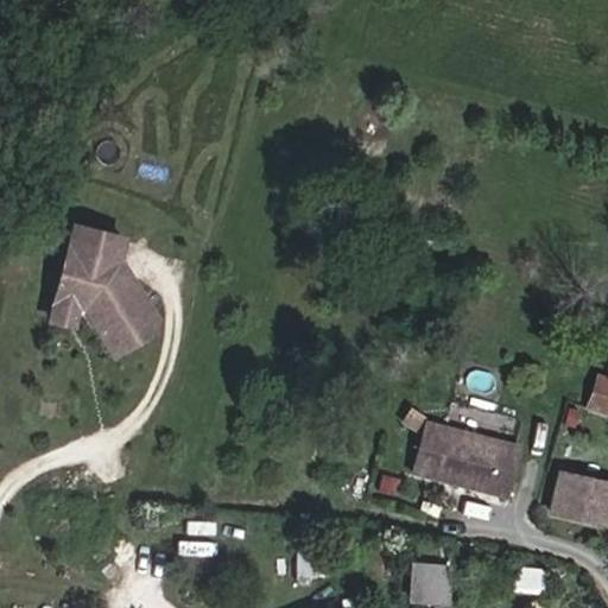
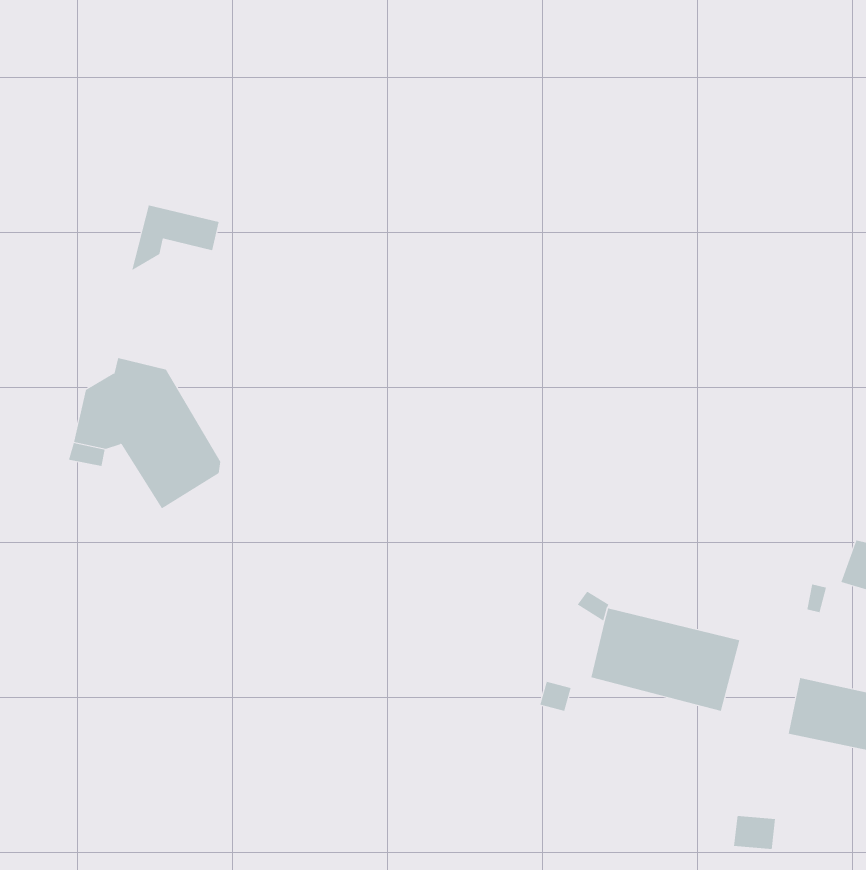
building: [62,226,124,272] -> [131,205,220,271]
building: [412,564,449,602] -> none

